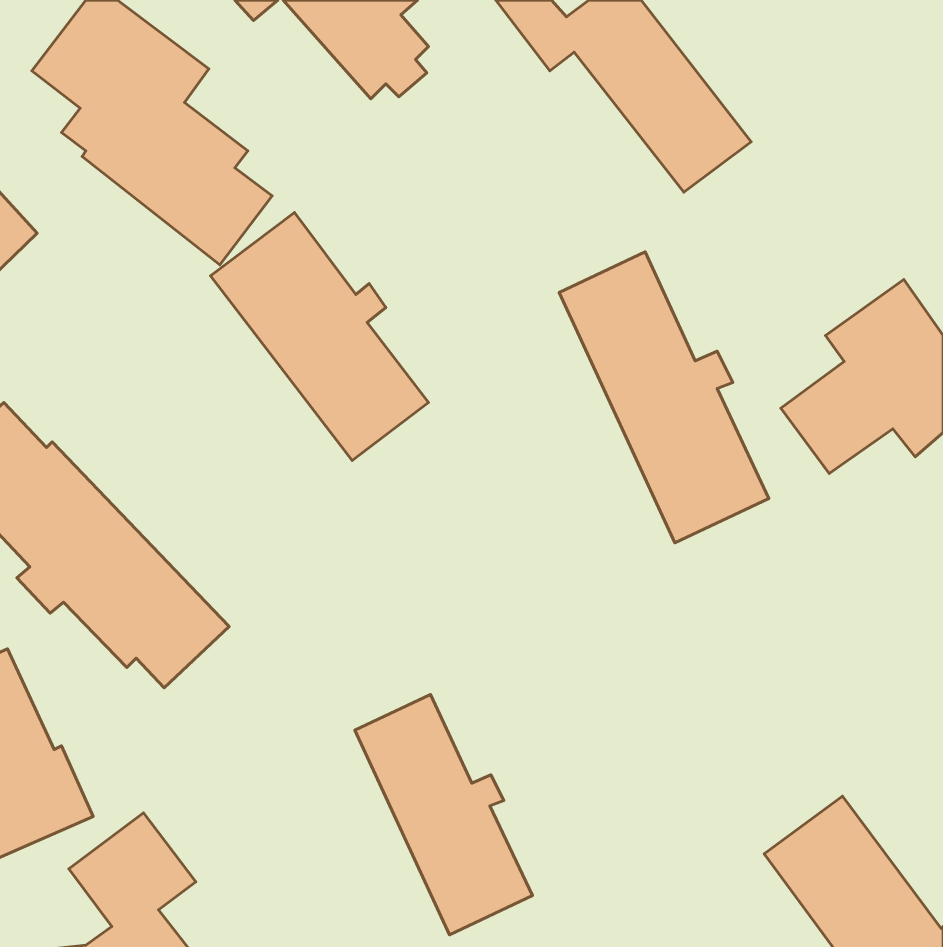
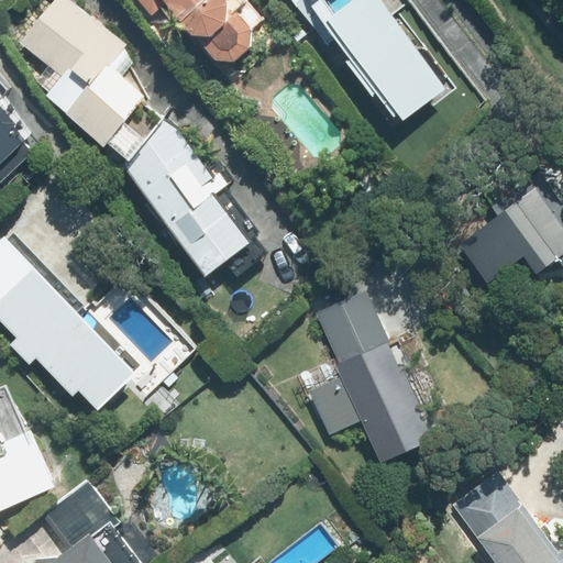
building: [559,252,769,543] -> none
building: none -> [306,294,435,461]
building: [355,694,532,935] -> none

